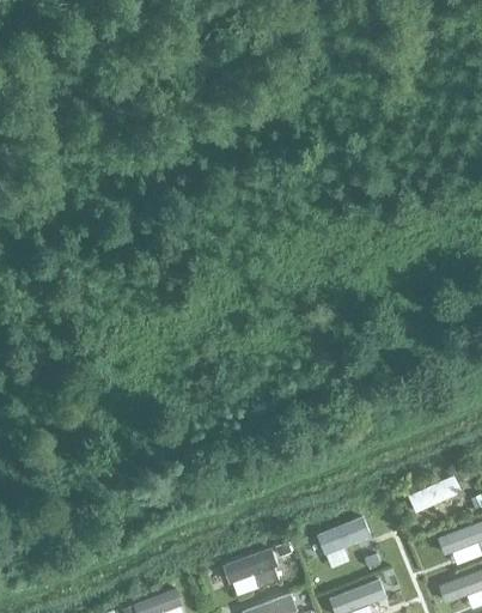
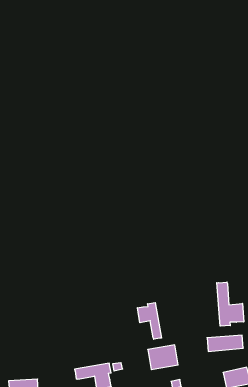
building: none -> [217,282,244,326]
building: none -> [137,303,161,339]

